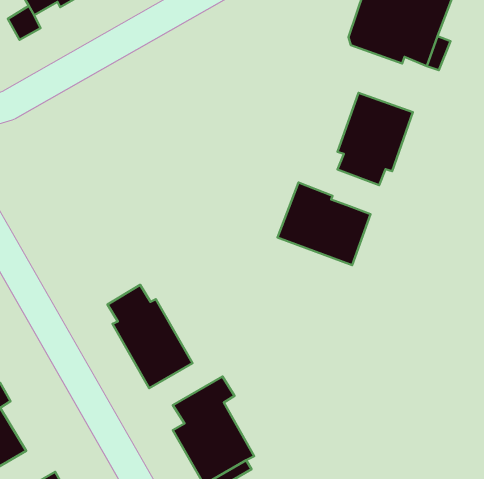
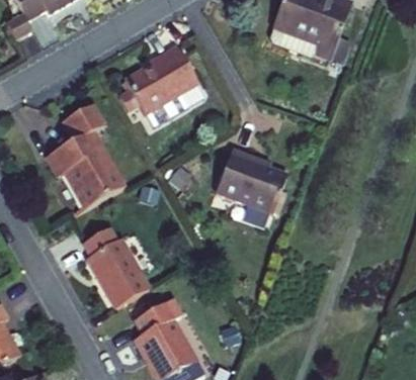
building: none -> [117,44,198,125]
building: [337,93,413,185] -> none
building: none -> [47,103,124,208]

